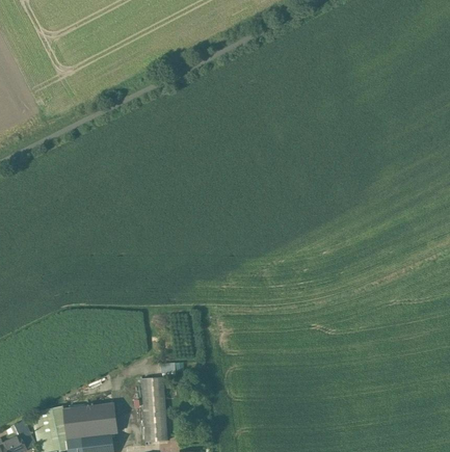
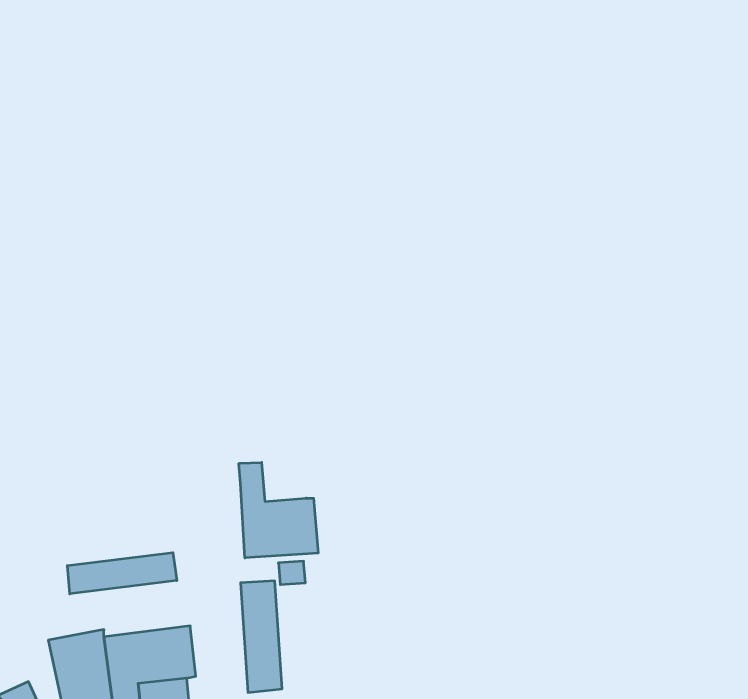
building: none -> [239,462,318,558]
building: none -> [67,553,177,594]

